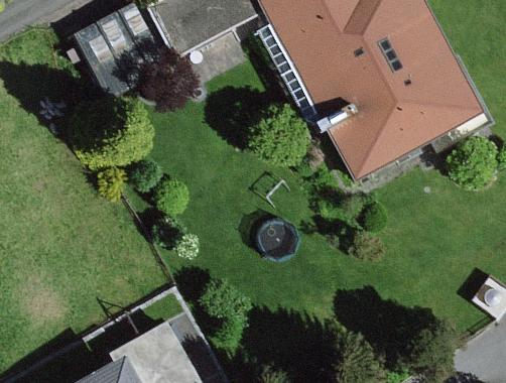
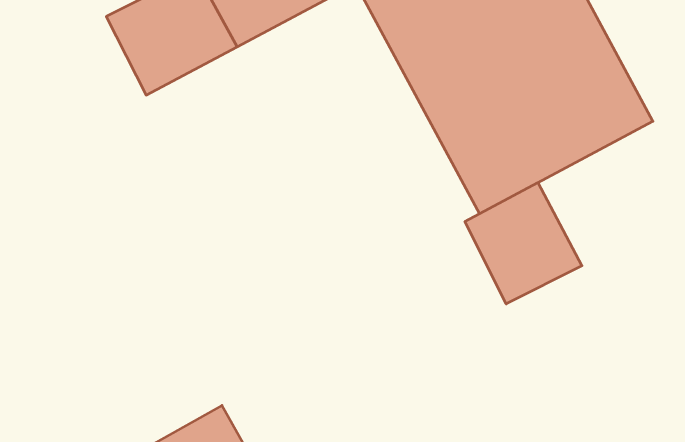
building: none -> [465,183,582,304]

